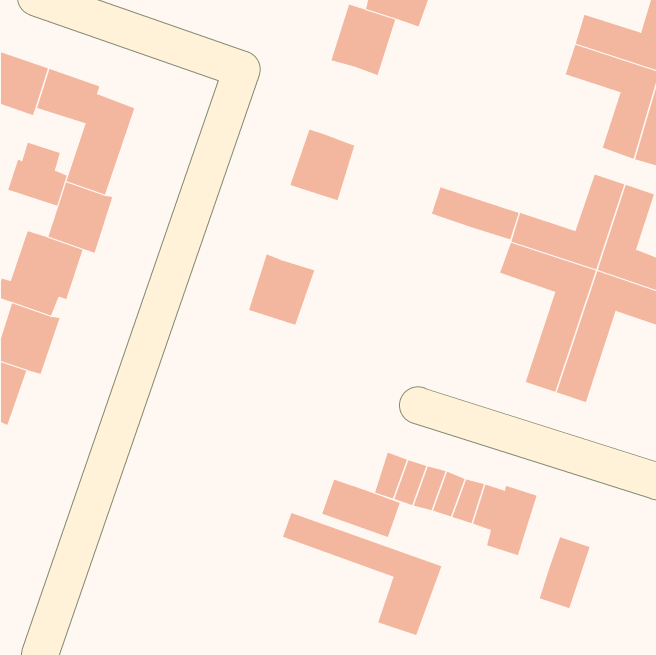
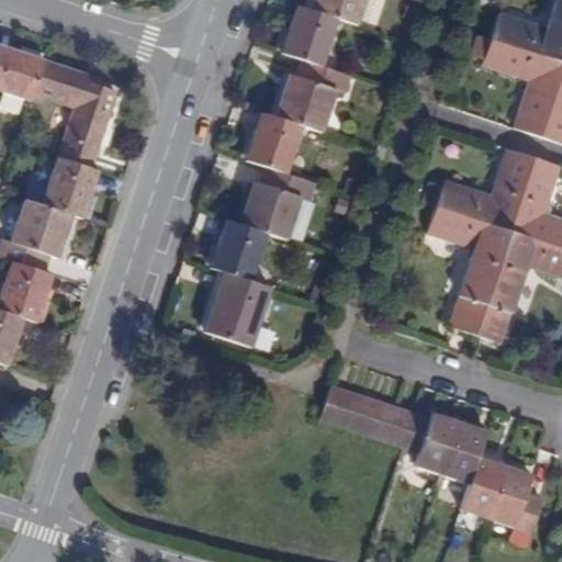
building: none -> [278,57,351,131]
building: [8,142,68,206] -> none
building: [431,187,520,240] -> none
building: none -> [241,165,317,237]
building: none -> [206,269,274,345]
building: [322,479,401,538] -> none
building: none -> [443,423,487,483]
building: [282,512,442,636] -> none
building: none -> [487,467,543,533]

